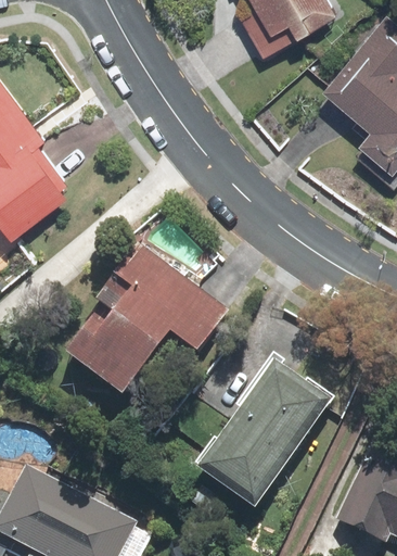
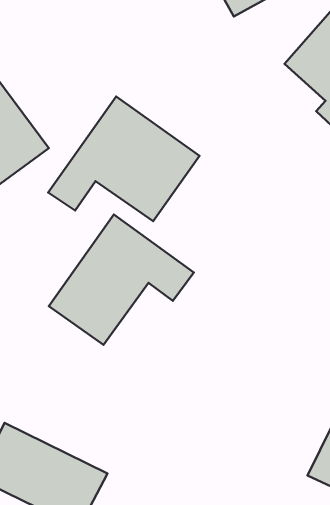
building: none -> [48,96,200,221]
building: [209,362,333,500] -> none

